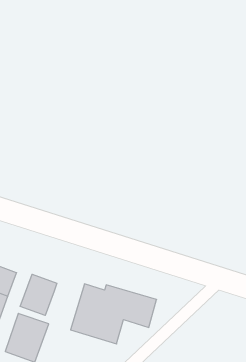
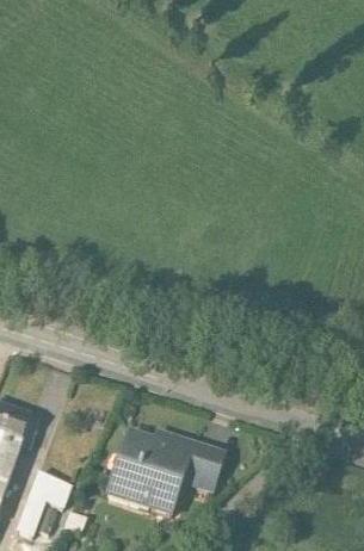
building: [20,274,57,315] -> none

